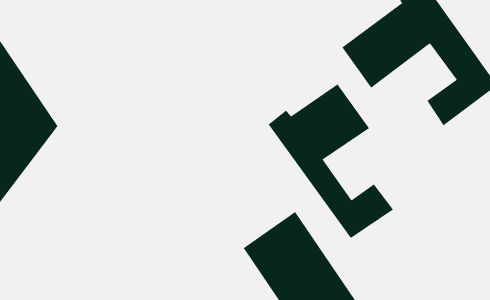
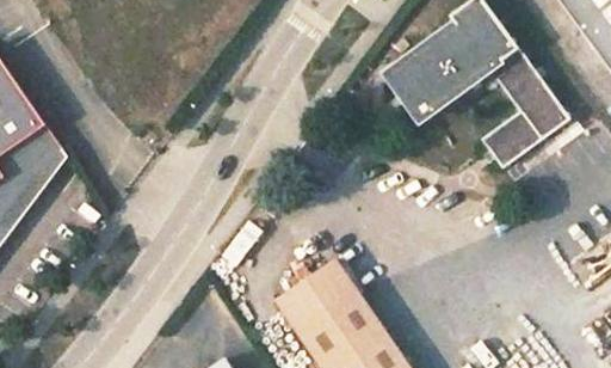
building: [268,84,394,239] -> none

